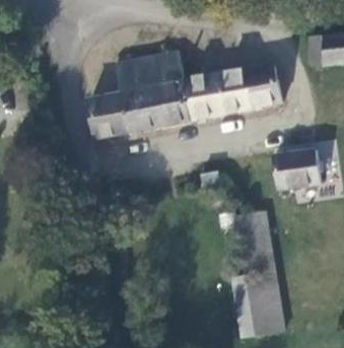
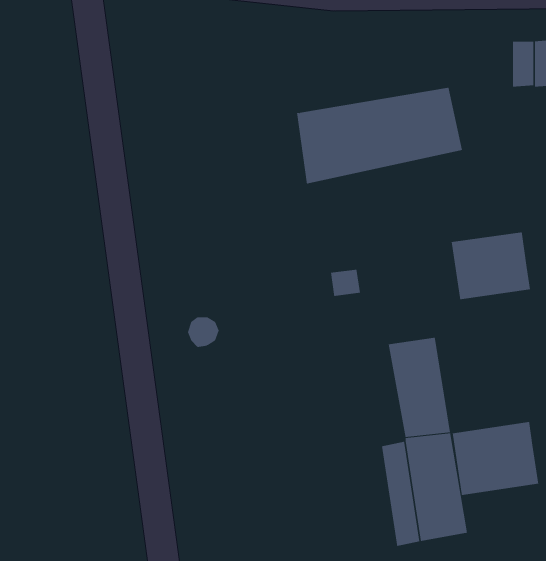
building: [90,52,189,139] -> none
building: none -> [452,421,539,496]

